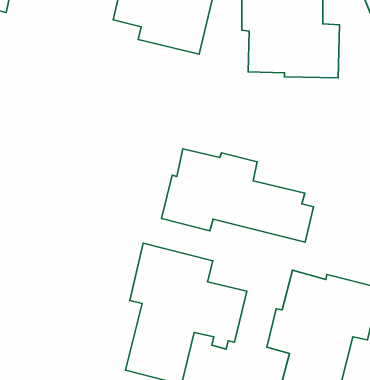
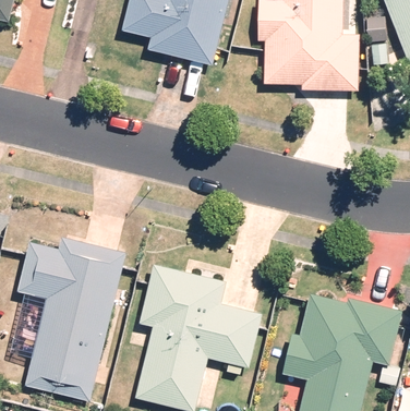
building: [162,149,313,242] -> none
building: none -> [16,237,125,401]

